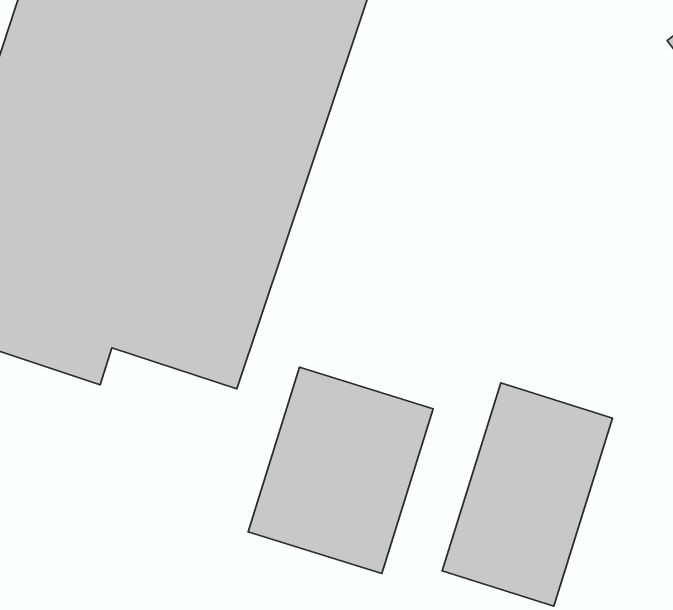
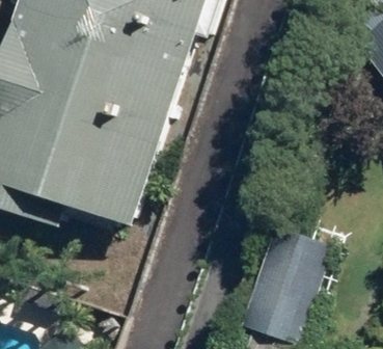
building: [248,367,433,573] -> none

